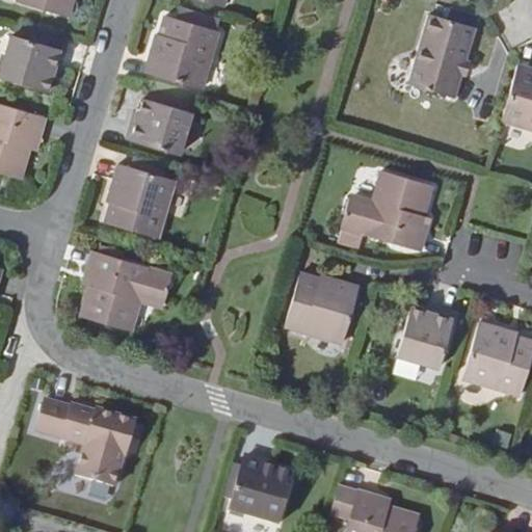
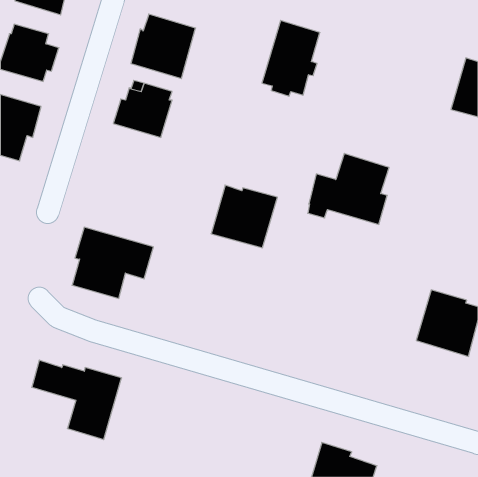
building: [410,14,475,98] -> [262,20,320,96]
building: [106,158,175,235] -> none
building: [285,272,358,342] -> [211,185,277,248]
building: [397,307,454,368] -> none
building: [229,457,294,524] -> none

